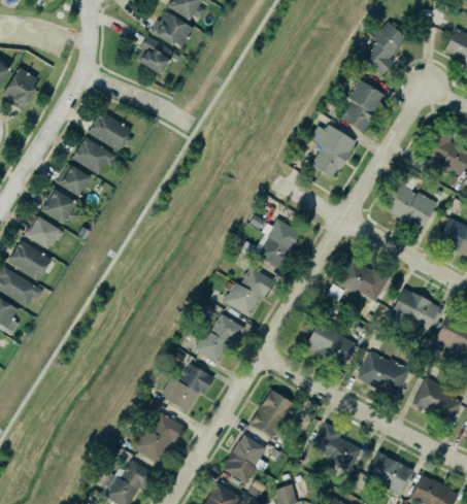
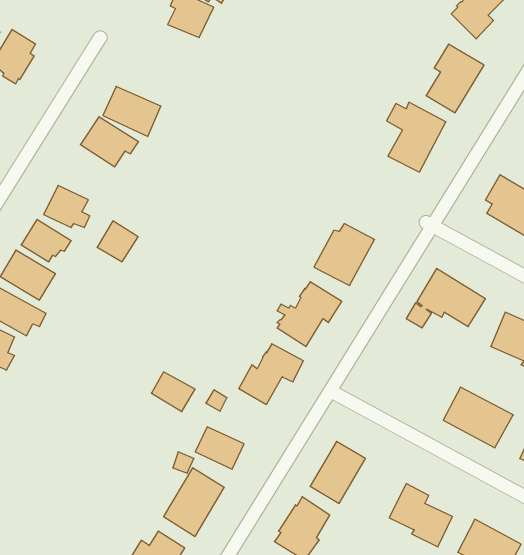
building: [59,166,91,198] -> [97,221,138,262]
building: [305,317,354,365] -> none
building: [181,364,215,395] -> [151,372,195,412]

